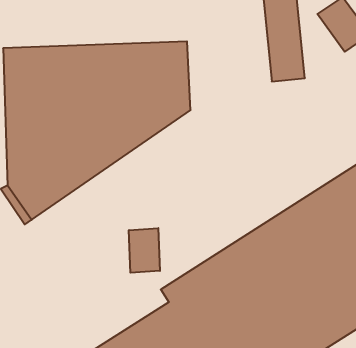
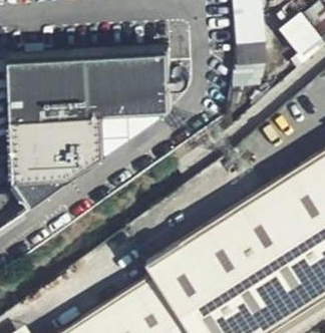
building: [129,228,160,273] -> none

